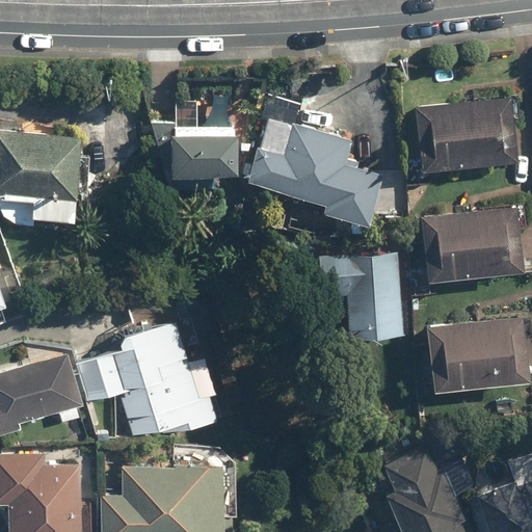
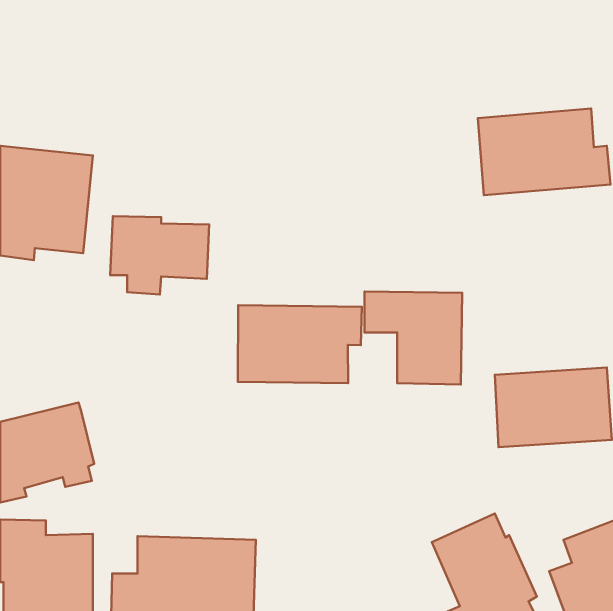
building: [249,116,383,225] -> none
building: [154,123,239,190] -> [110,216,209,294]
building: [421,208,522,285] -> none
building: none -> [238,305,362,383]
building: [78,317,217,438] -> none

